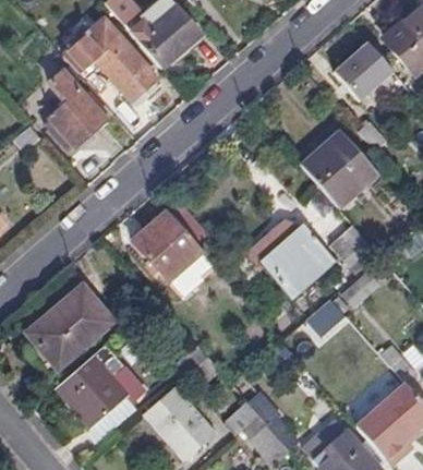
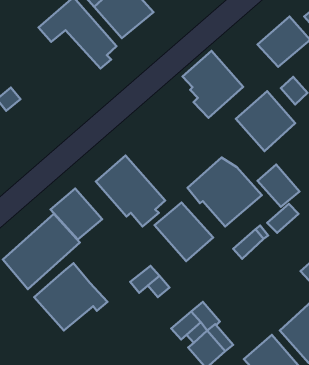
building: [47,72,104,146] -> none
building: none -> [182,51,243,118]
building: none -> [50,188,102,239]
building: none -> [155,202,213,261]
building: [145,386,217,460] -> none

